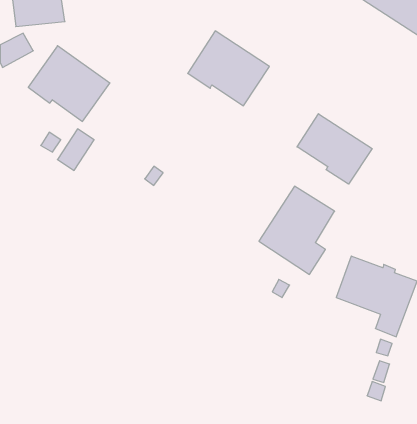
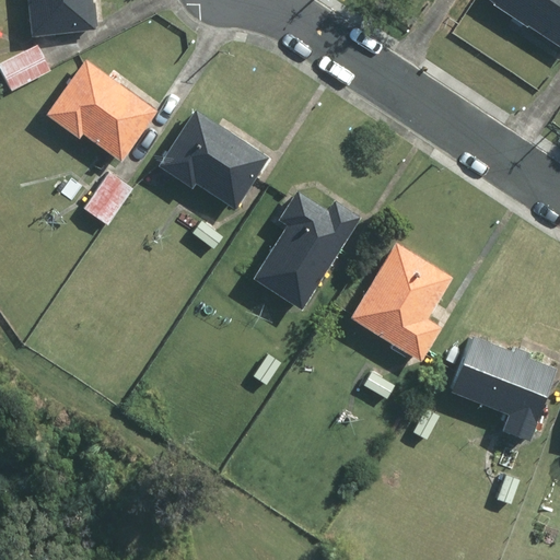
building: [188,31,269,106] -> [159,112,266,210]
building: [297,114,372,184] -> none
building: none -> [250,192,360,308]

